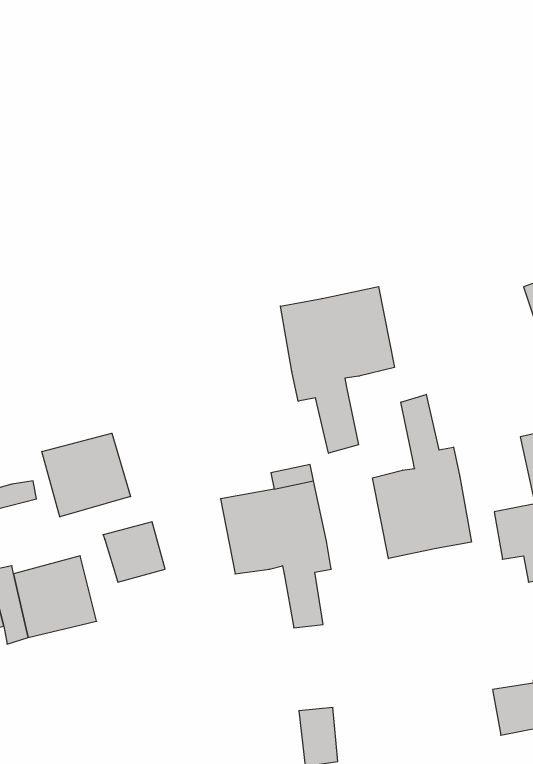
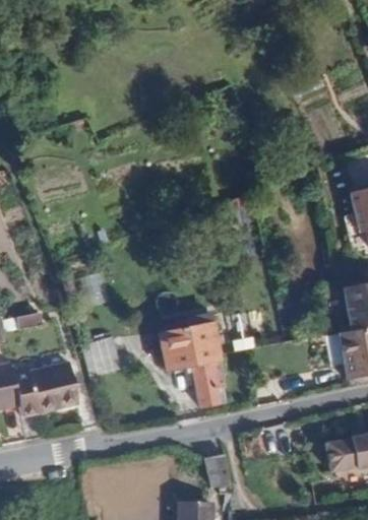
building: [280,287,394,453] -> none
building: [373,394,471,559] -> none
building: [42,433,131,517] -> none

